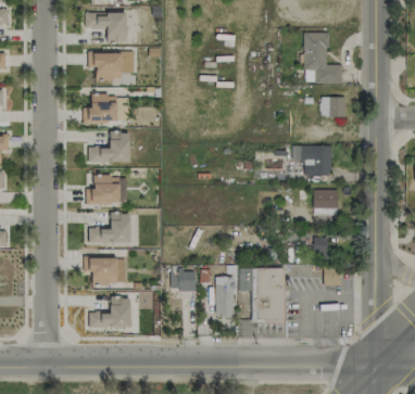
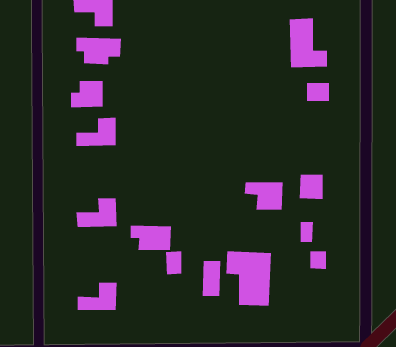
building: [292,147,332,176] -> [244,181,284,210]
building: [86,176,127,204] -> none
building: [84,258,126,284] -> [130,225,172,251]

